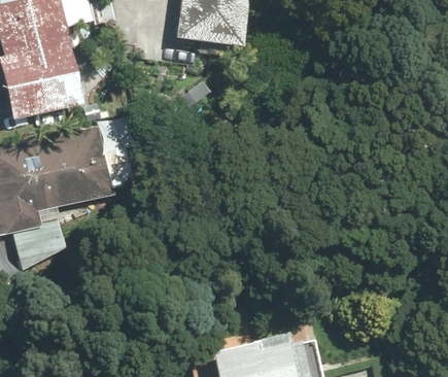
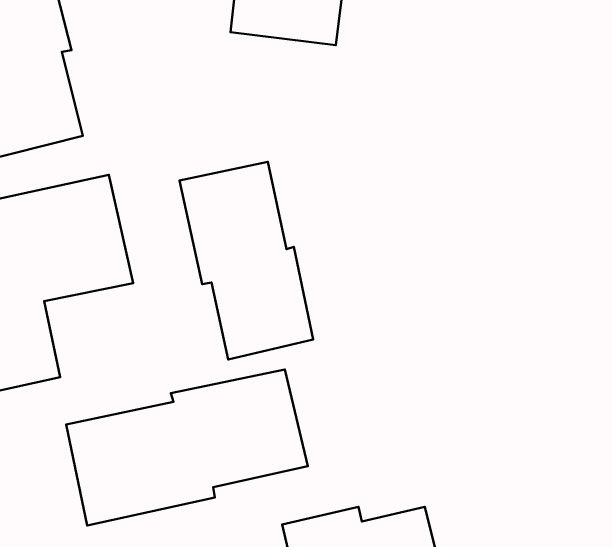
building: none -> [179,162,313,360]
building: none -> [66,369,308,526]

